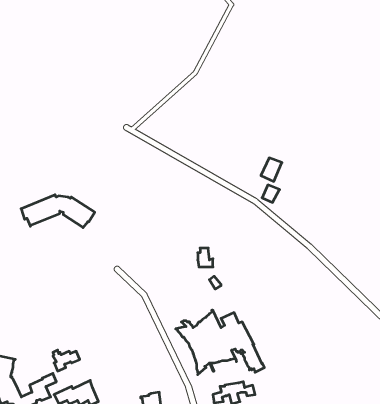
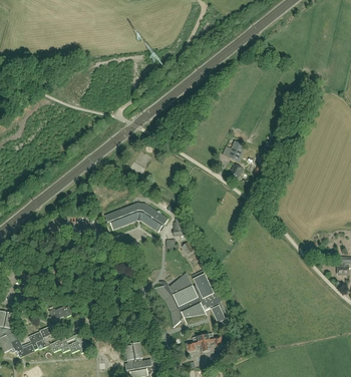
building: [21,195,95,228] -> [104,204,167,232]

